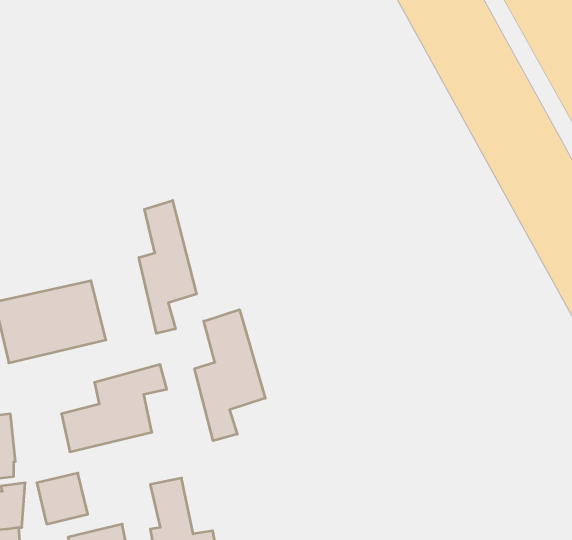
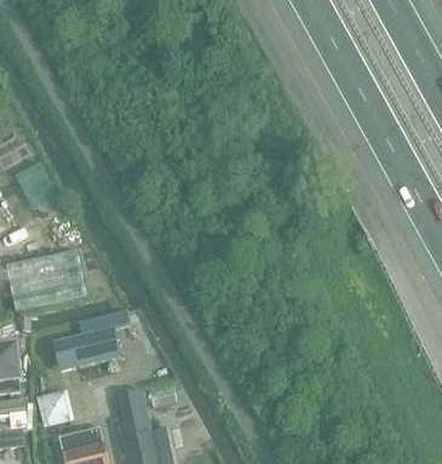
building: [139,200,196,333] -> none
building: [195,310,265,441] -> none

